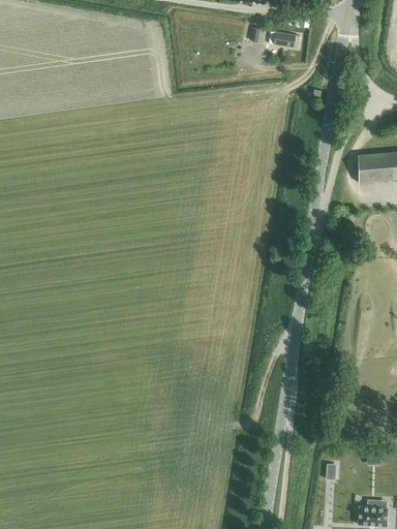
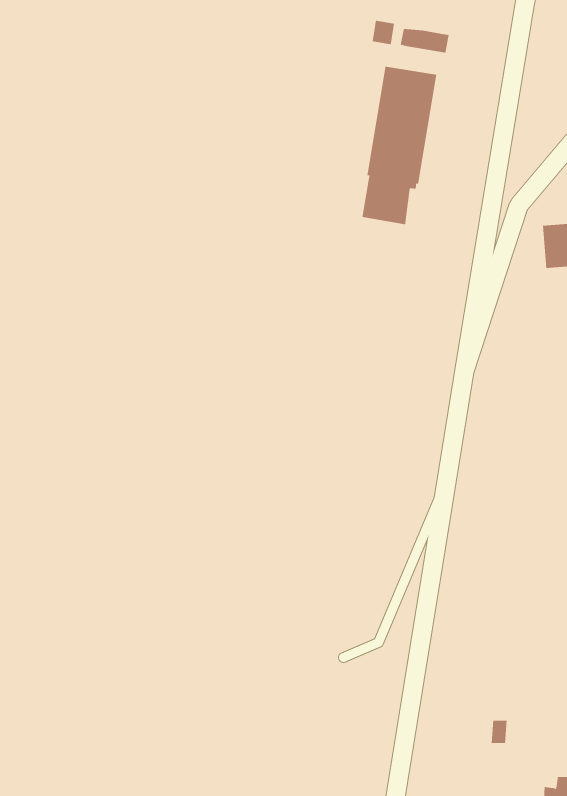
building: none -> [362,66,437,225]

